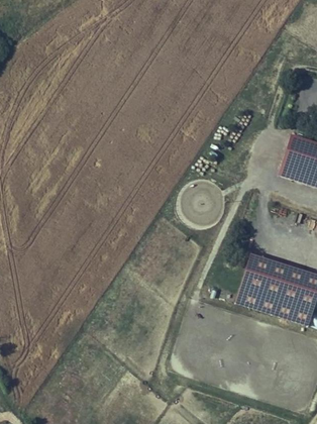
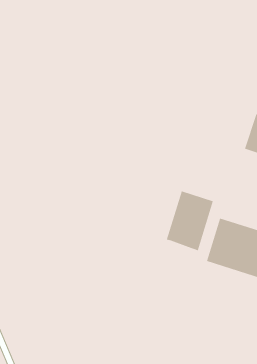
building: none -> [166,191,214,251]

